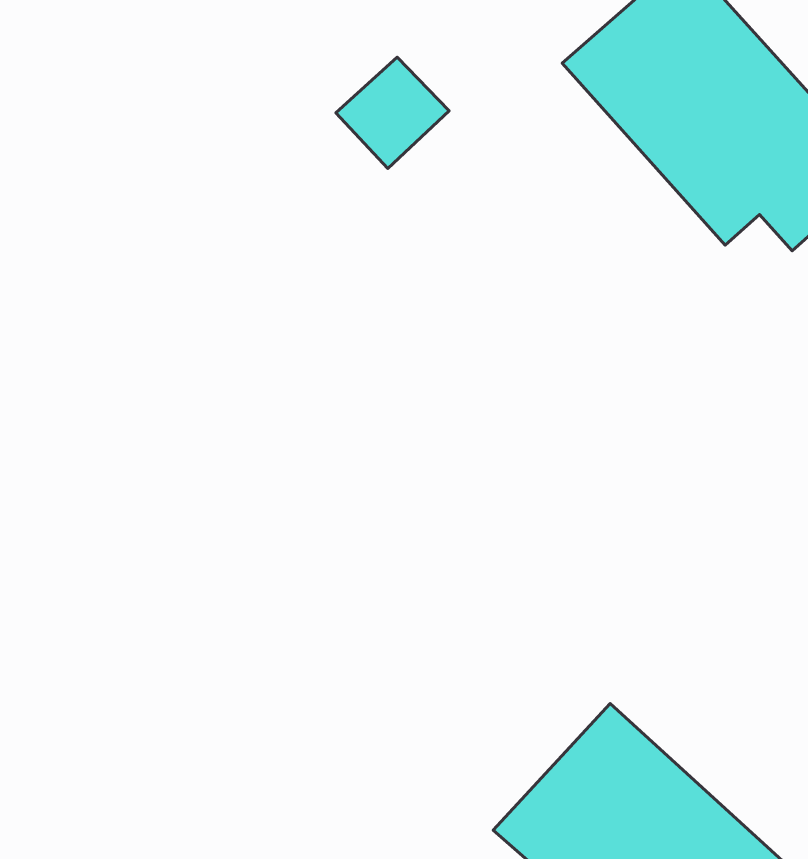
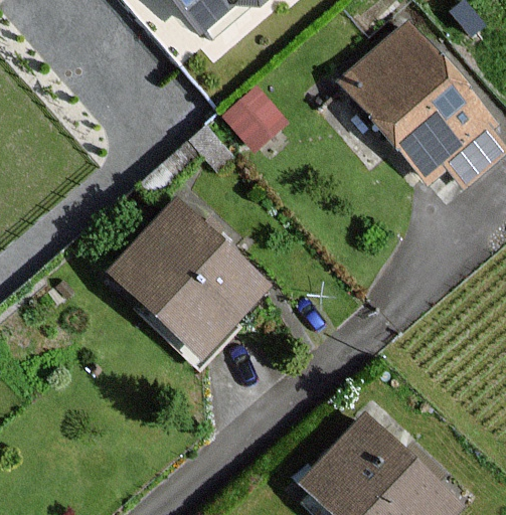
building: none -> [114,203,263,350]

